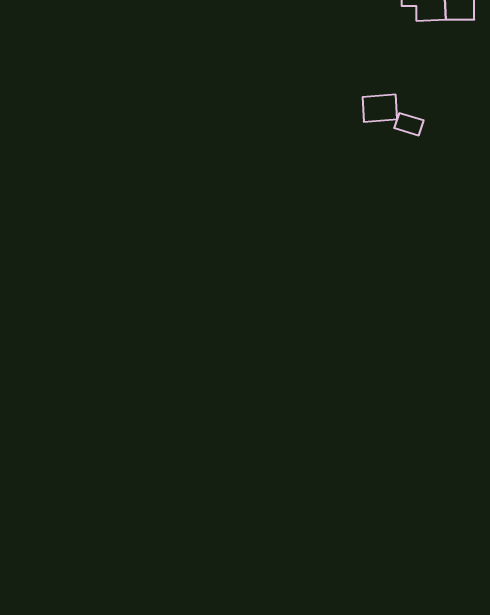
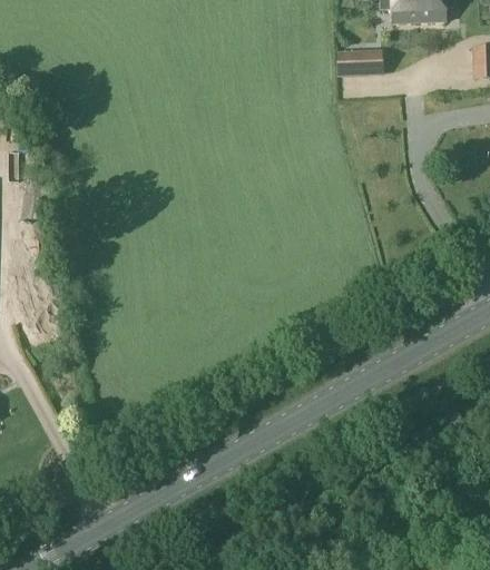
building: [363,95,397,122] -> [335,50,366,75]

